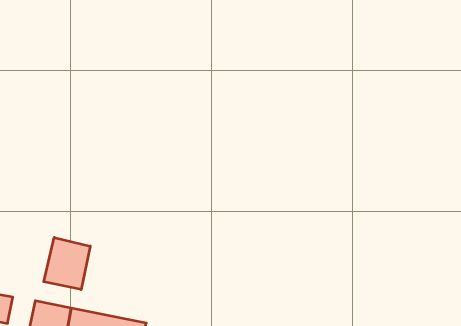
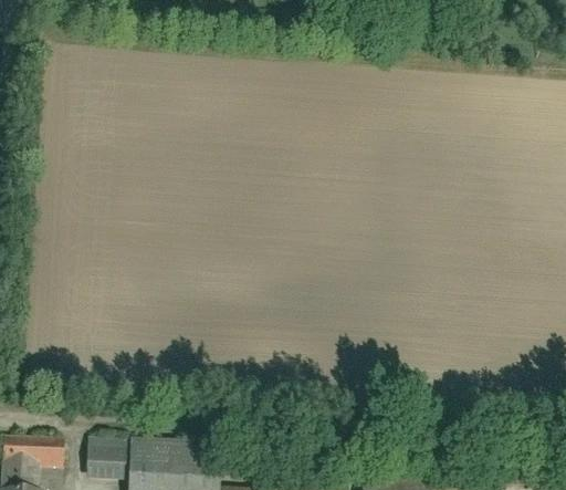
building: [44,237,90,290] -> none

